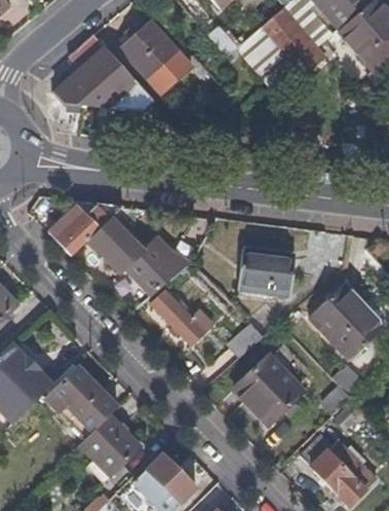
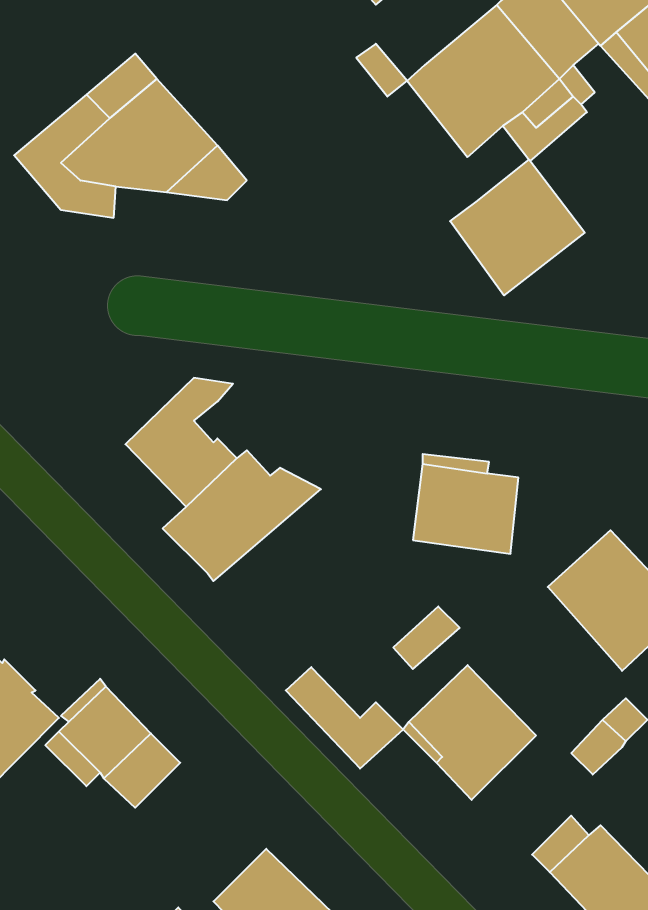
building: [120,23,208,93] -> none
building: none -> [450,160,585,295]
building: [57,202,124,256] -> none
building: [151,292,212,345] -> [286,667,403,769]
building: [78,415,139,475] -> none

